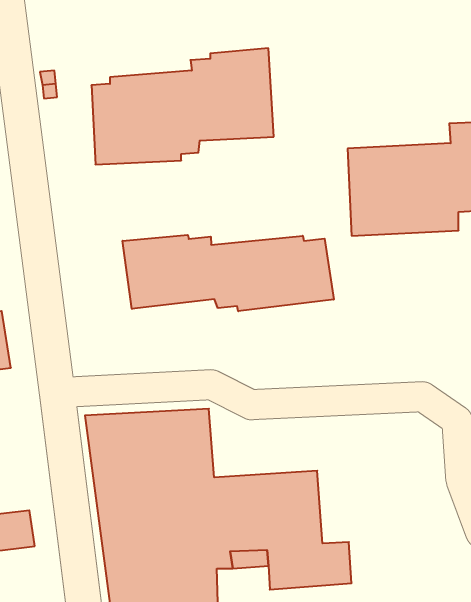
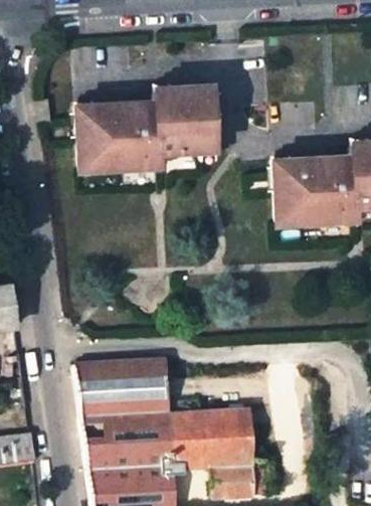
building: [123,235,334,311] -> none

